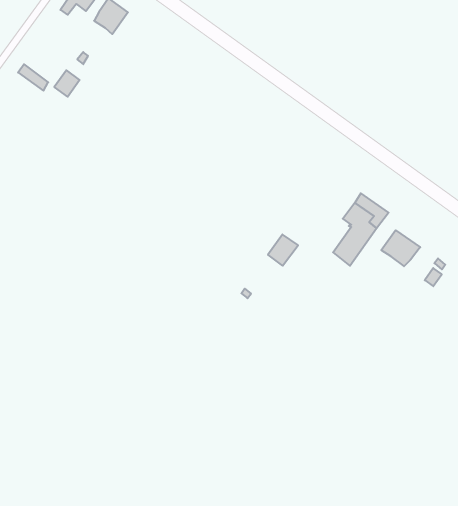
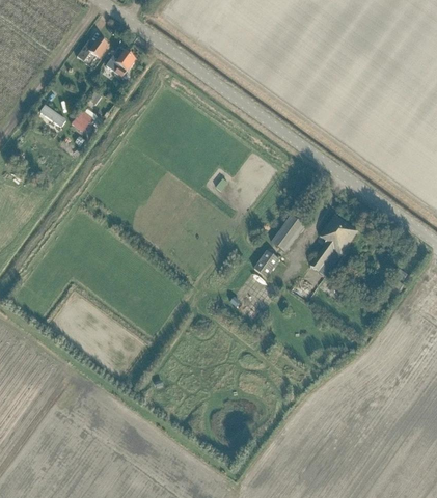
building: none -> [272,215,305,252]
building: [381,230,420,266] -> none

